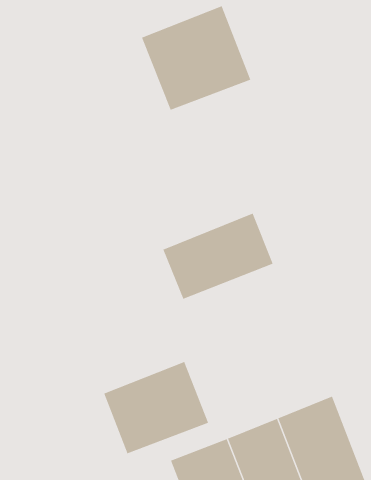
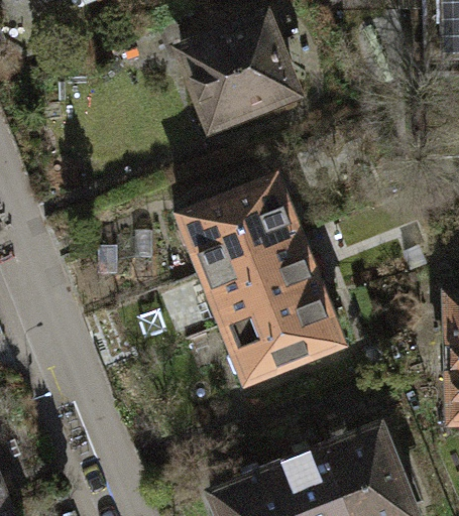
building: none -> [181,177,303,272]
building: none -> [229,287,346,381]
building: [104,361,209,454] -> none

